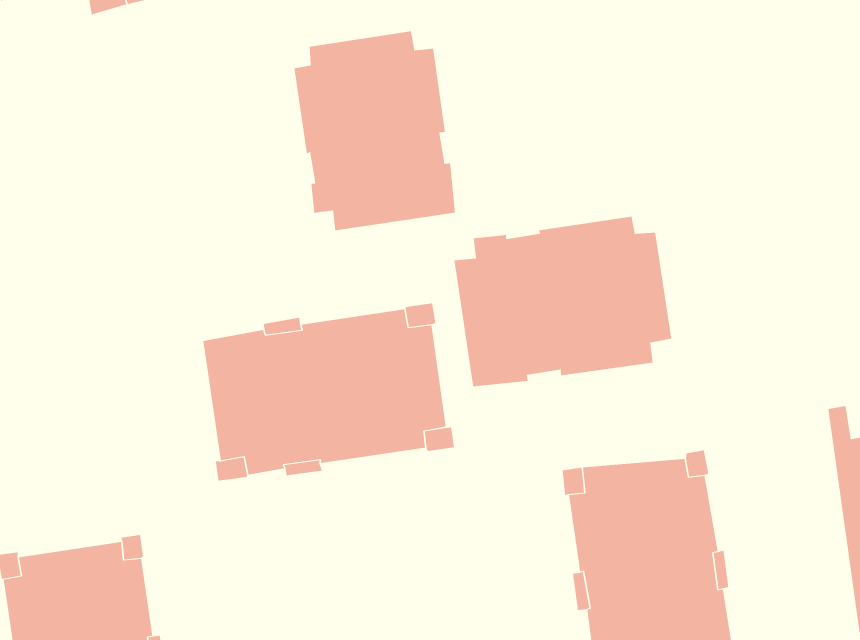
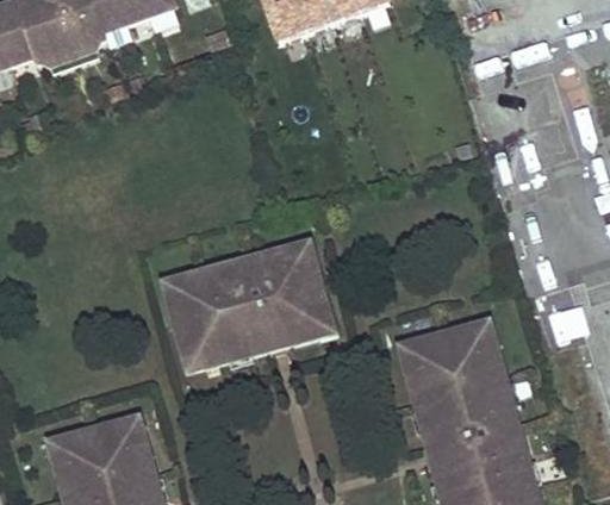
building: [294,31,456,231] -> none
building: [454,216,672,387] -> none

